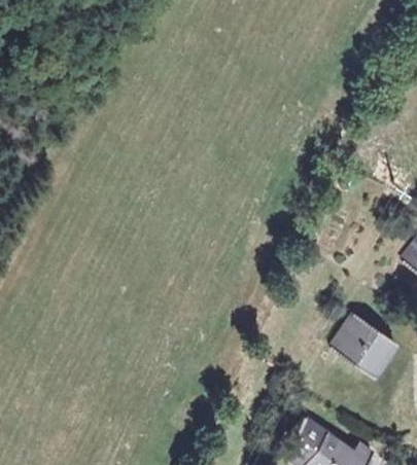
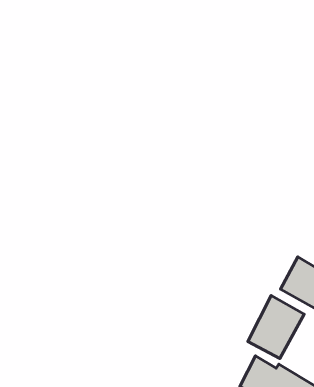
building: none -> [248,296,304,358]

